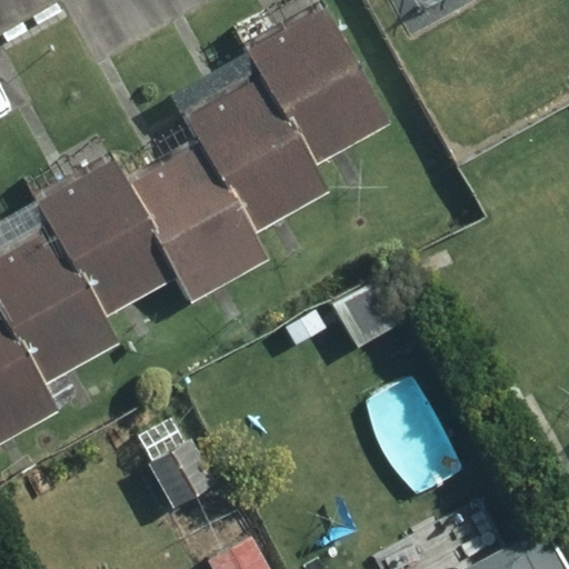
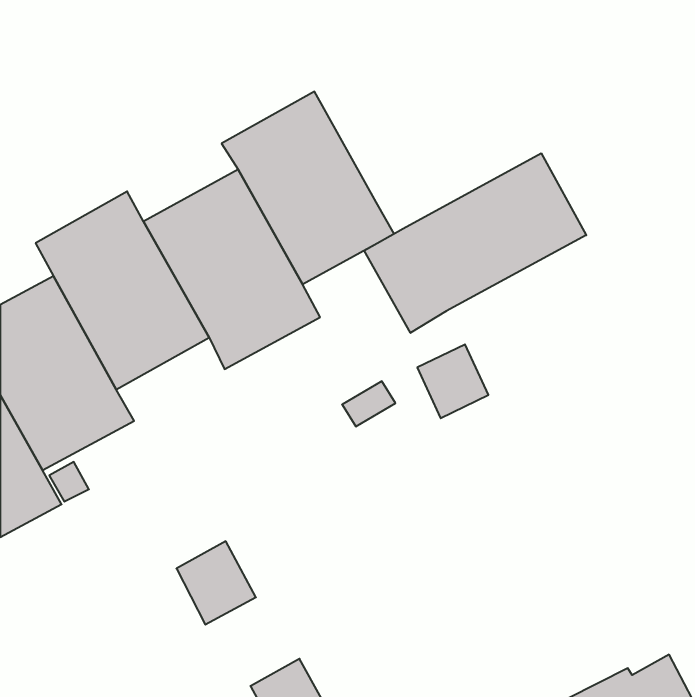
building: [243,7,383,166] -> none
building: none -> [364,153,586,333]

